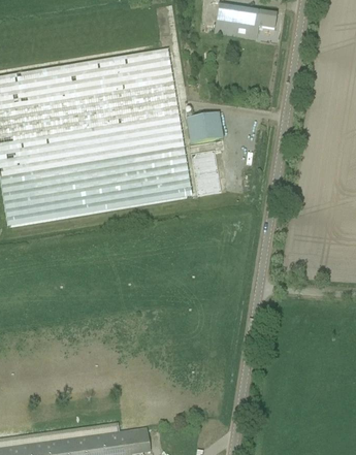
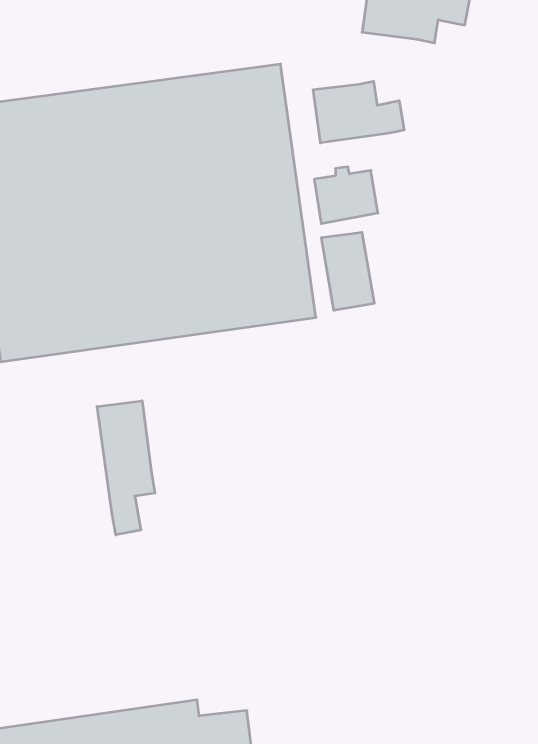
building: none -> [313,81,404,143]
building: none -> [97,401,155,535]

